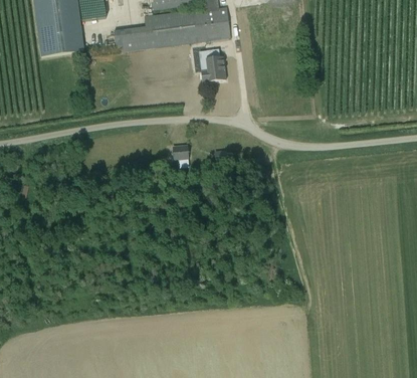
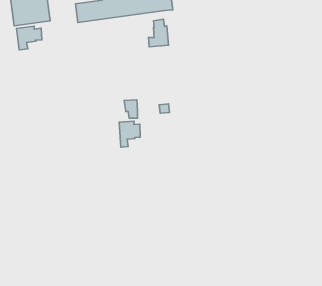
building: none -> [16,26,42,50]
building: none -> [119,121,140,147]

